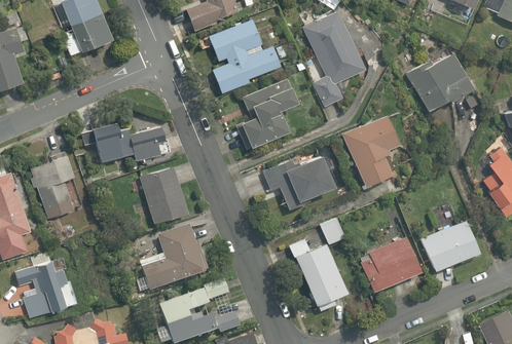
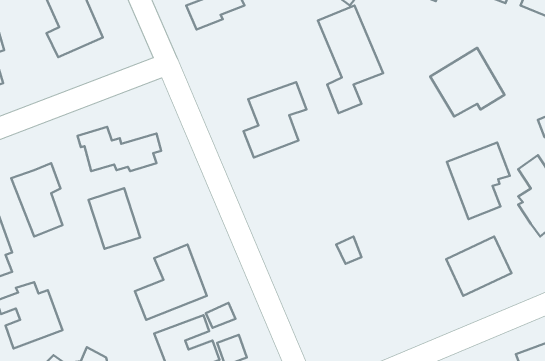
building: [209,17,282,92] -> none
building: [343,115,400,184] -> [447,143,510,219]
building: [262,155,333,212] -> none
building: [140,166,186,221] -> [89,188,140,249]
building: [289,230,346,302] -> none
building: [357,234,420,291] -> none

